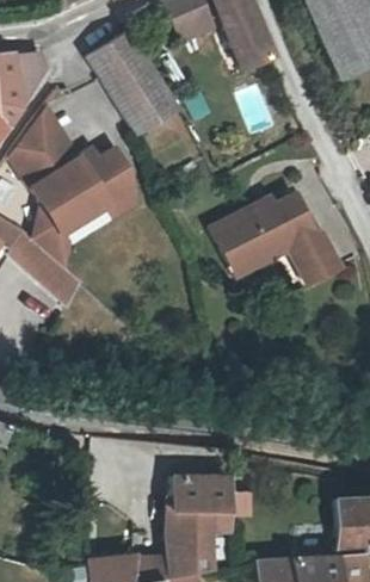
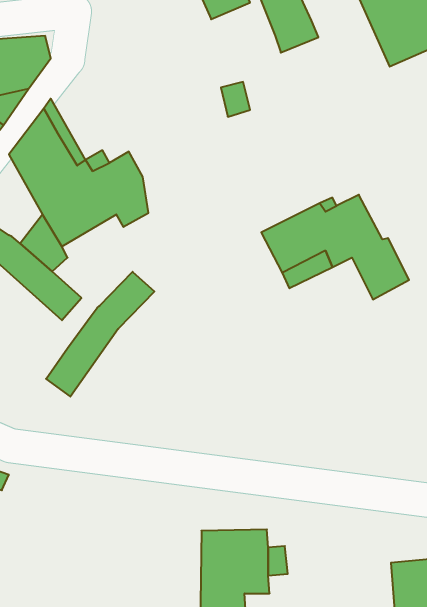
building: [88,30,175,134] -> none
building: none -> [46,272,154,397]

